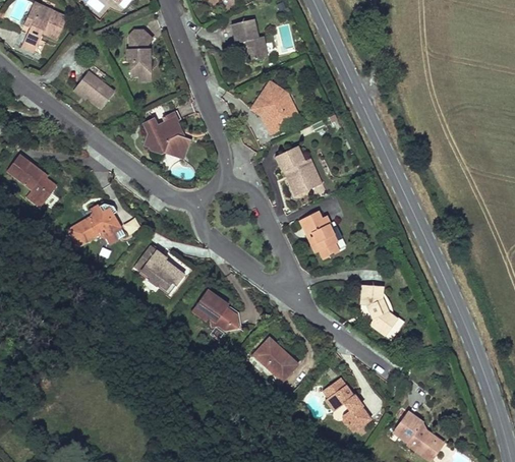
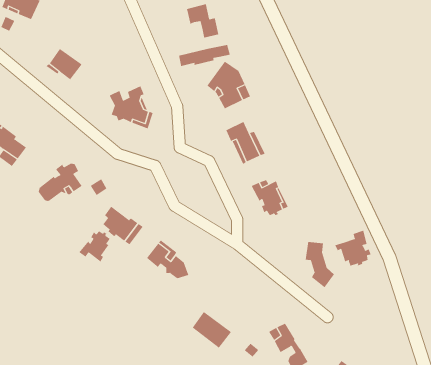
building: [127,30,154,80] -> none
building: none -> [179,44,230,67]
building: none -> [335,230,372,267]
building: none -> [79,230,110,262]
building: [253,336,298,378] -> [192,311,232,348]

